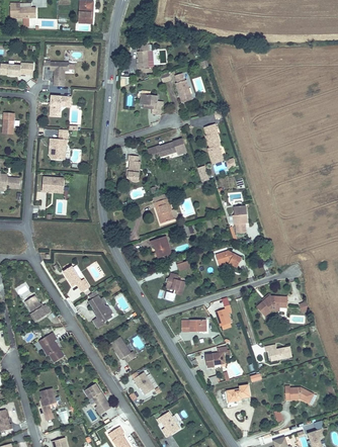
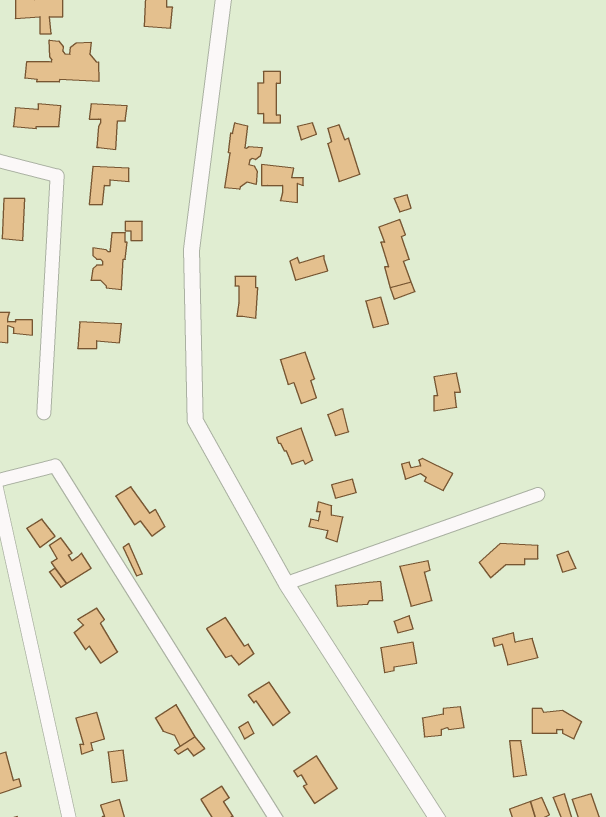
building: none -> [25,40,99,82]
building: none -> [225,123,262,189]
building: [87,293,112,326] -> none

